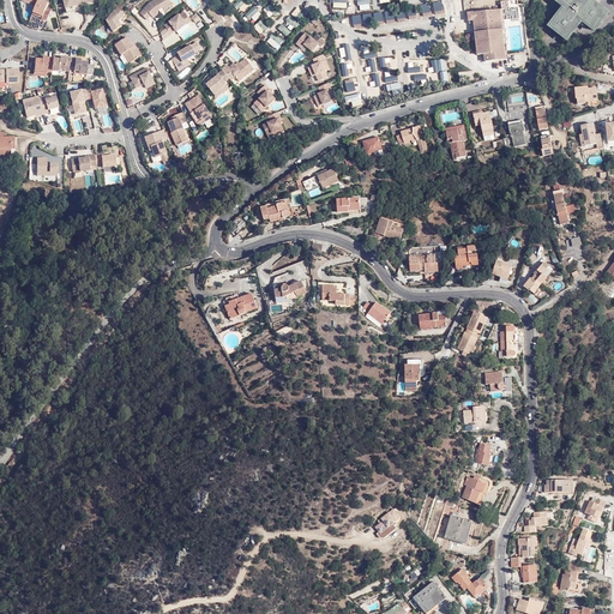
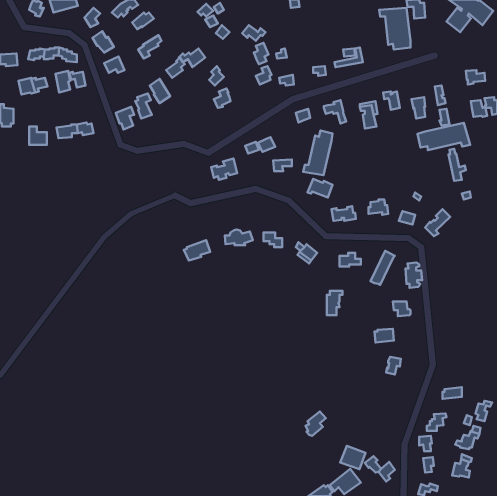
building: none -> [417,123,470,150]
building: none -> [303,131,333,175]
building: [462,474,492,502] -> none
building: [443,511,474,540] -> [340,446,365,469]

